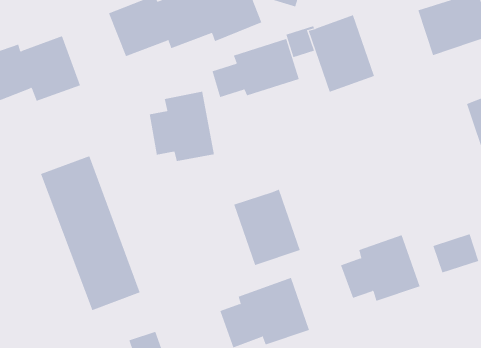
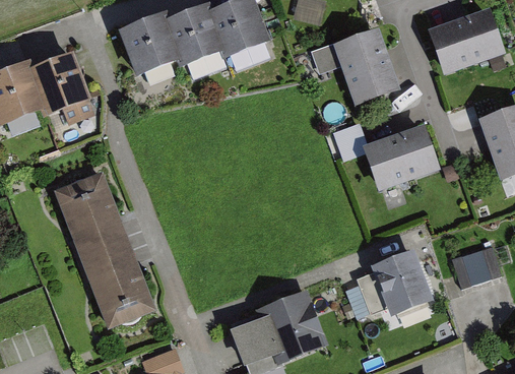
building: [212,38,299,98] -> none
building: [149,91,214,162] -> none
building: none -> [351,127,430,194]
building: [233,189,301,266] -> none

